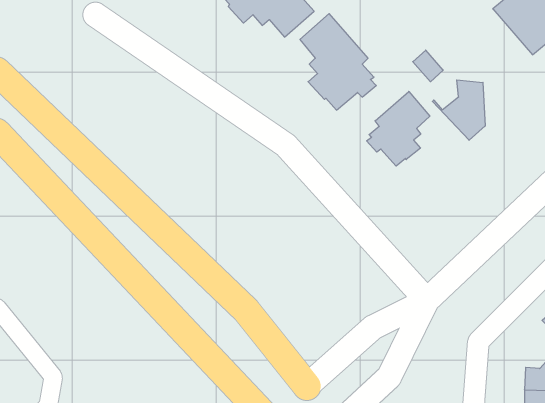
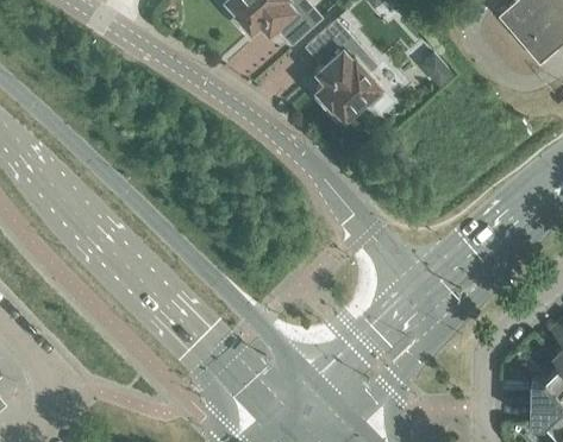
building: [432,80,485,140] -> none
building: [367,91,430,166] -> none

